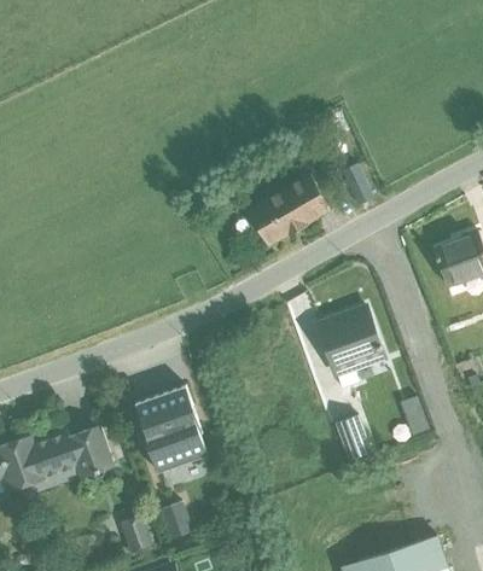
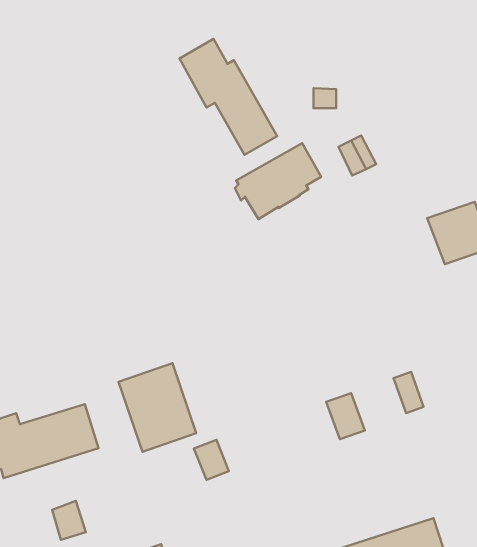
building: none -> [180,39,277,155]
building: [316,305,385,377] -> none
building: [158,500,192,538] -> [194,440,229,480]
building: [120,514,152,552] -> [52,501,86,540]

